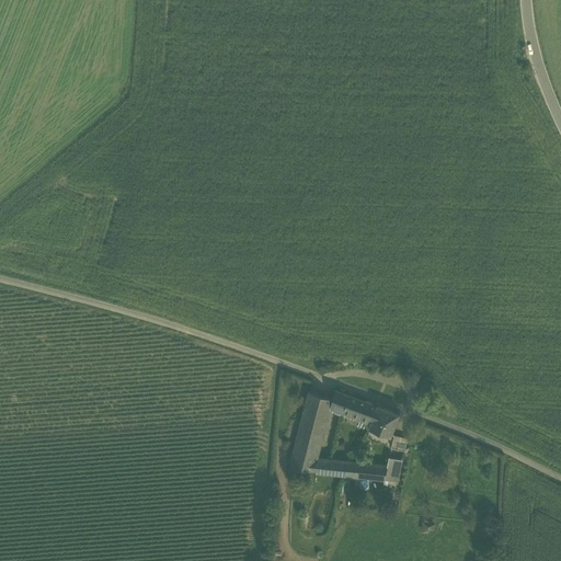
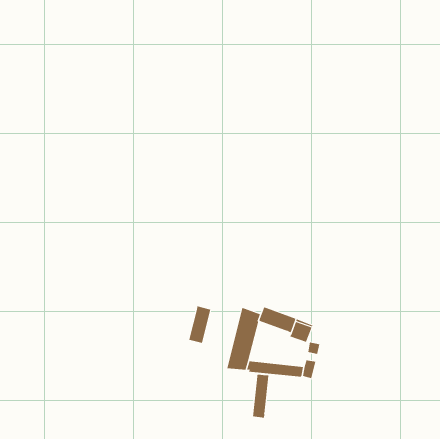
building: none -> [188,305,211,344]
building: none -> [252,373,269,418]

